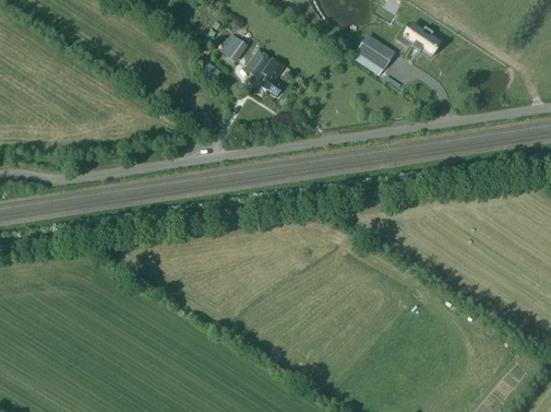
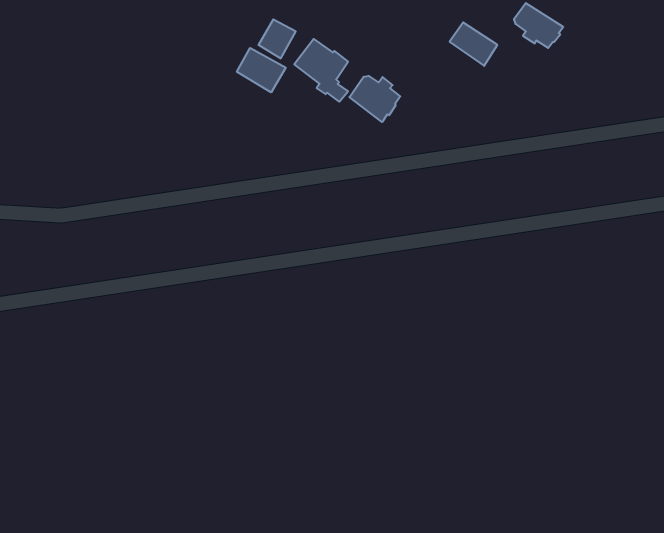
building: none -> [237,48,286,92]
building: none -> [349,76,400,122]

